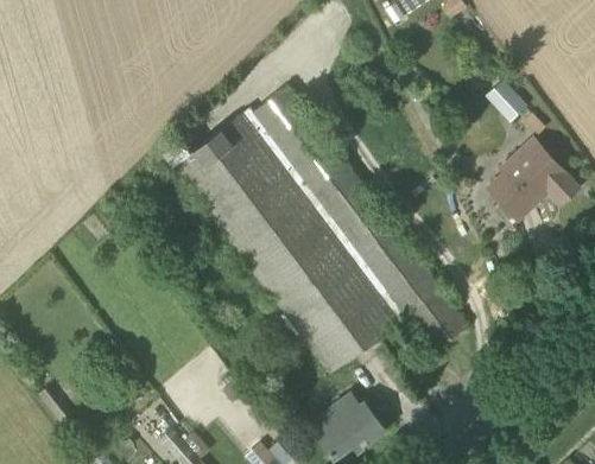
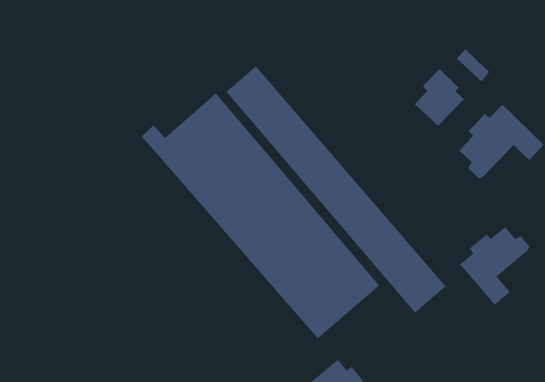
building: none -> [414,68,465,126]
building: none -> [459,226,530,305]

